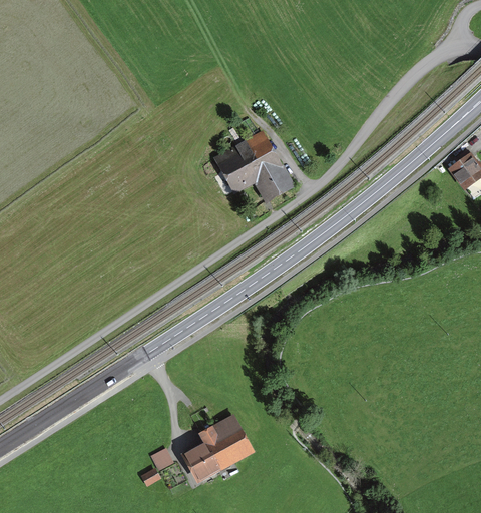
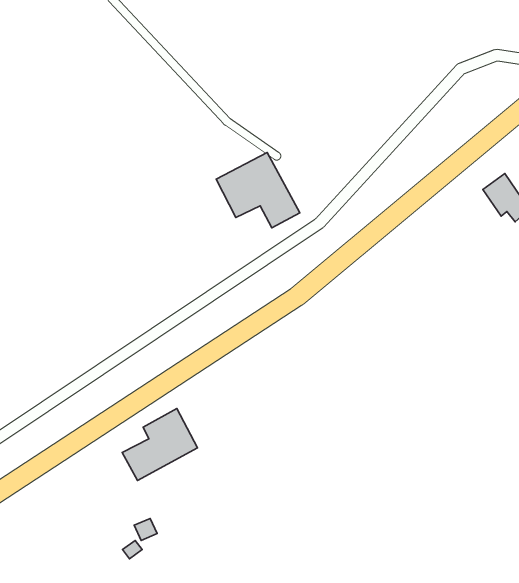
building: [185,418,251,480] -> [122,409,198,480]

